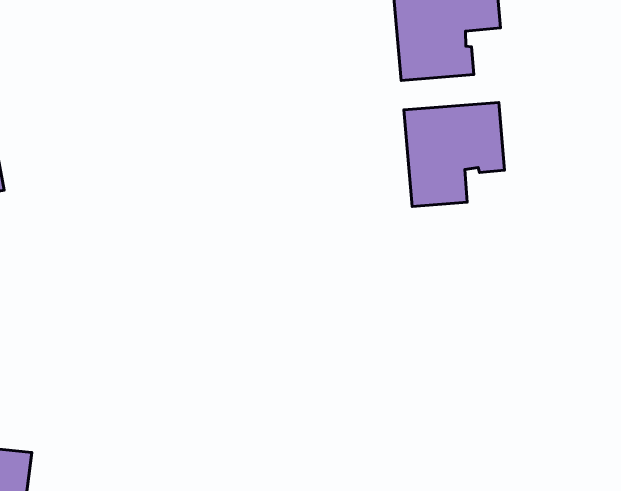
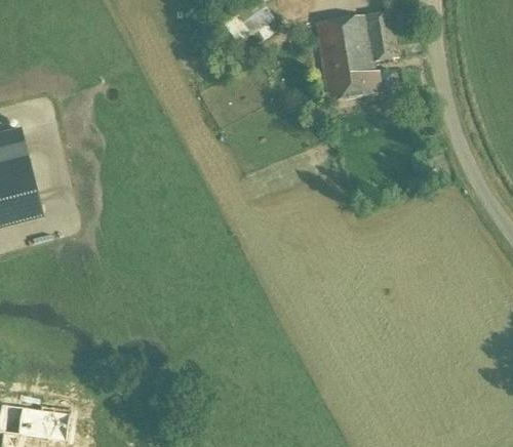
building: [404,102,504,206] -> none

